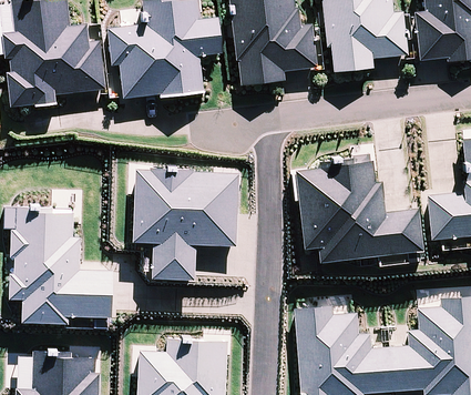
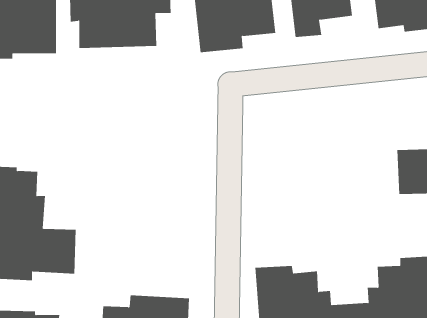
building: [300,154,413,247] -> none
building: [133,168,239,278] -> none

